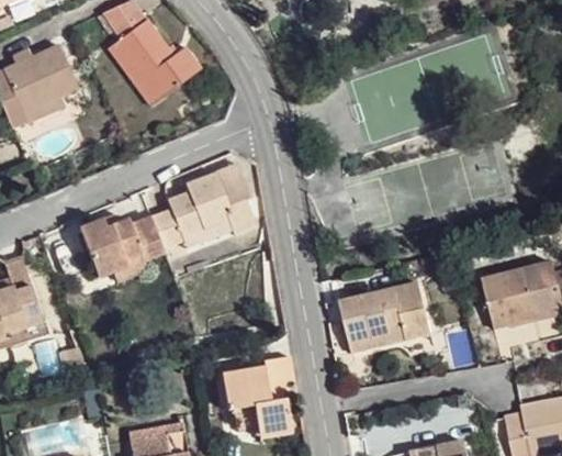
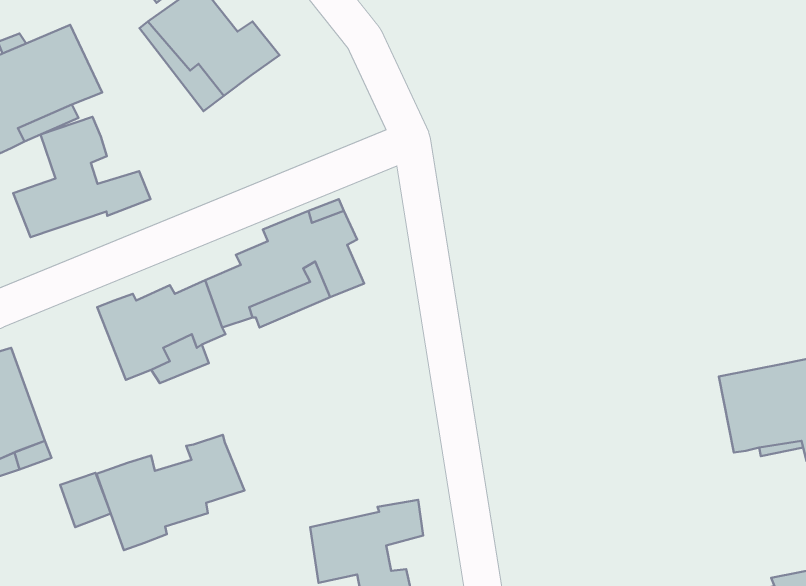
building: none -> [13,117,151,237]
building: [340,280,430,347] -> none
building: none -> [97,435,244,550]

